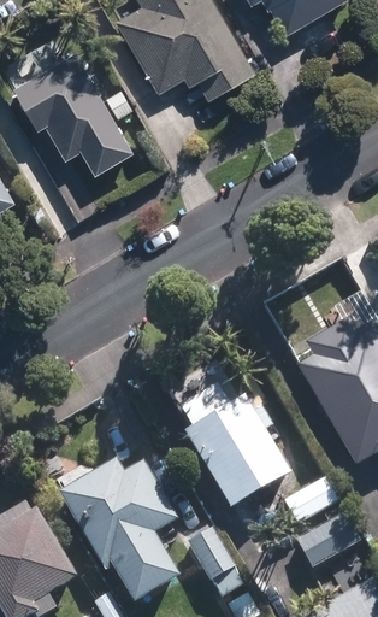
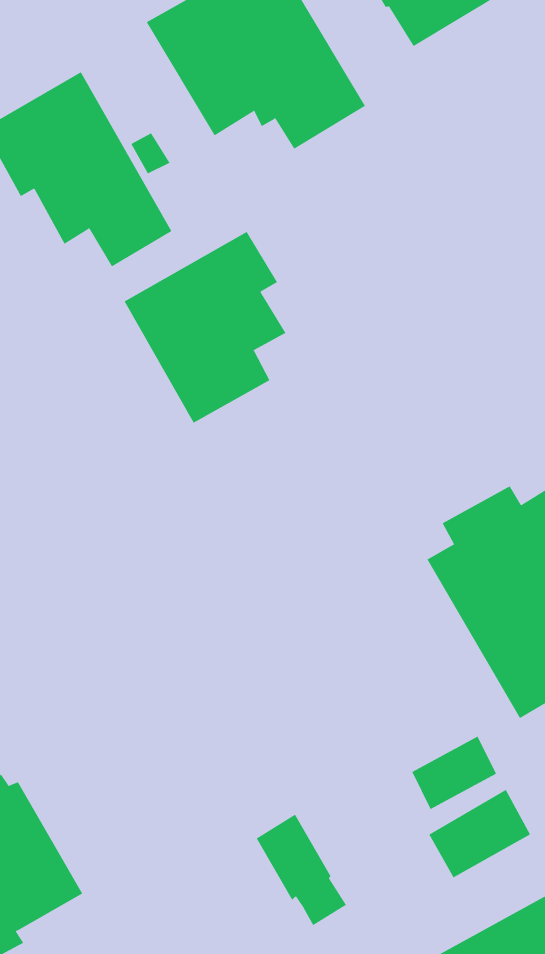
building: none -> [124,231,286,423]
building: [178,381,289,507] -> none
building: [57,456,178,601] -> none

